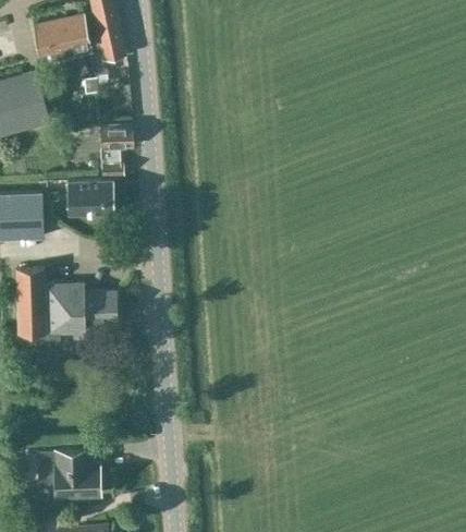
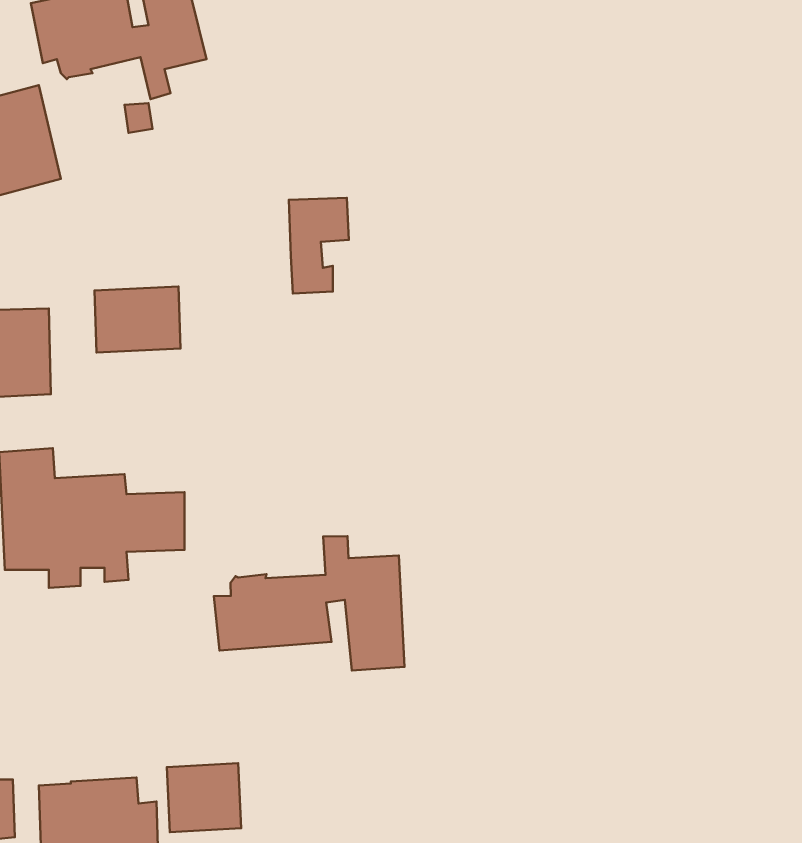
building: [100,125,133,178] -> [289,198,349,294]
building: none -> [214,536,404,670]
building: none -> [167,763,241,832]

